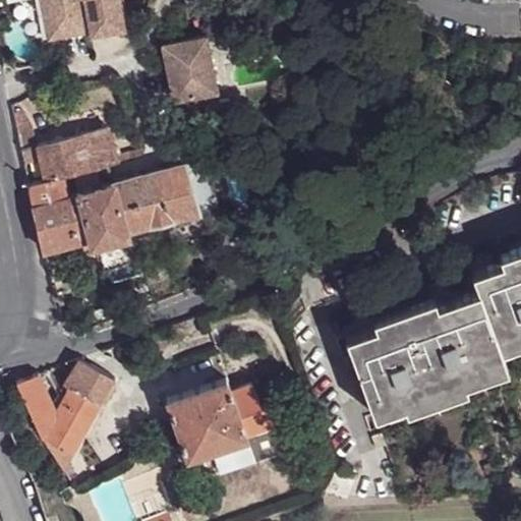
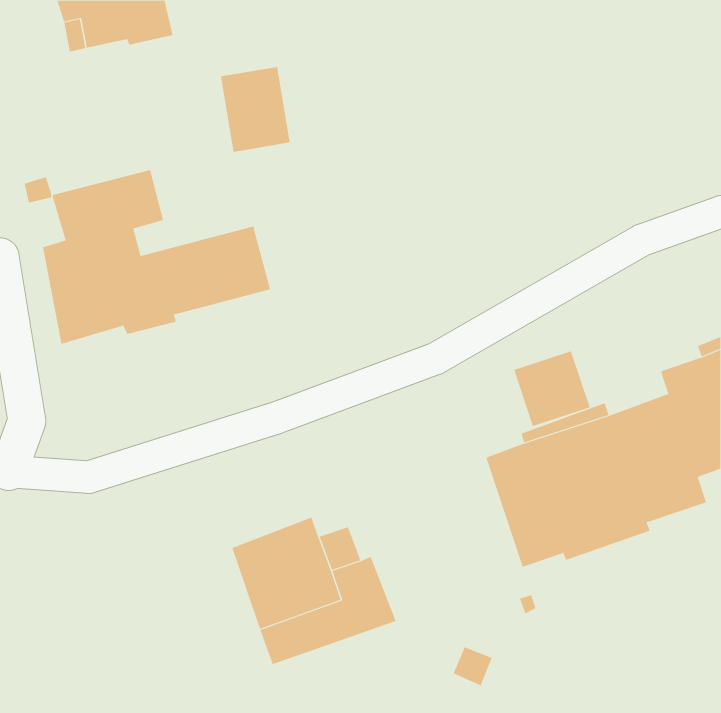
building: none -> [513,350,590,427]
building: [18,364,115,475] -> none

